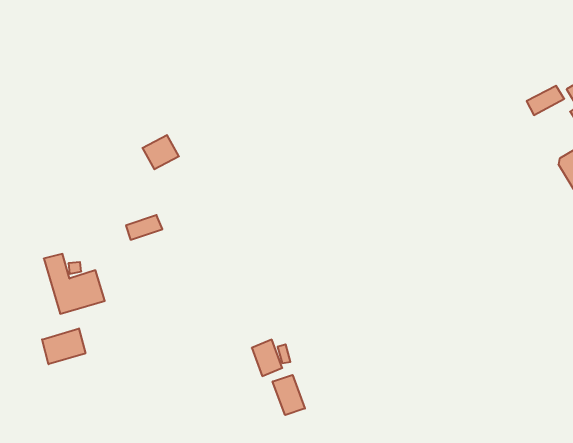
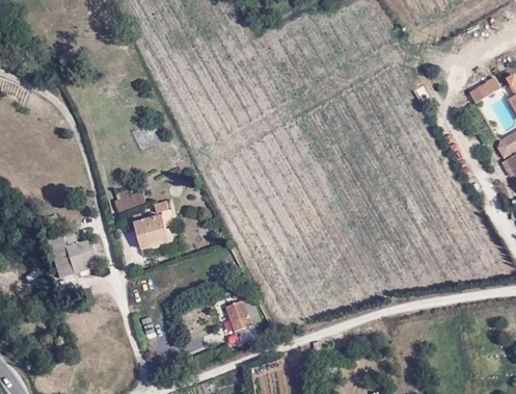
building: none -> [132,200,180,251]
building: [42,328,85,364] -> none
building: [273,375,305,415] -> none

